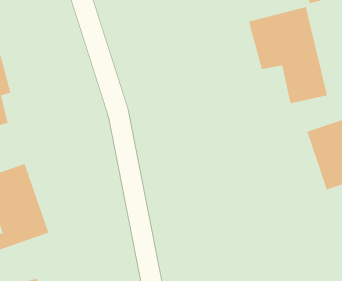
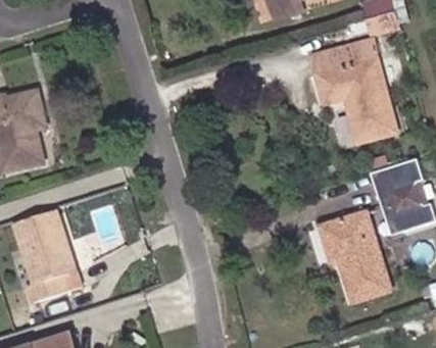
building: none -> [324,209,400,306]

